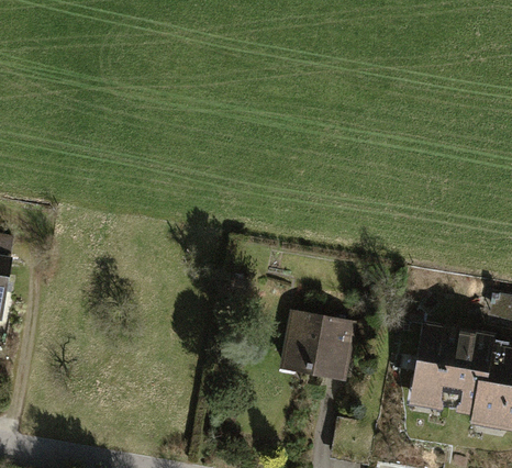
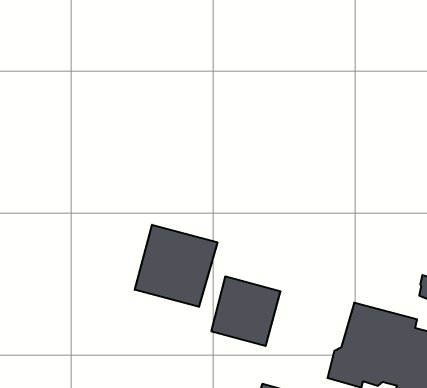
building: none -> [135,225,217,307]

